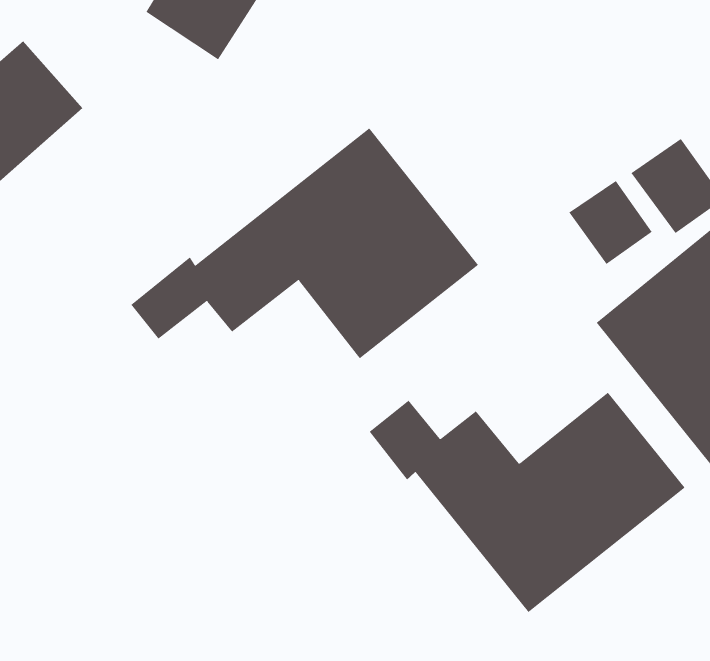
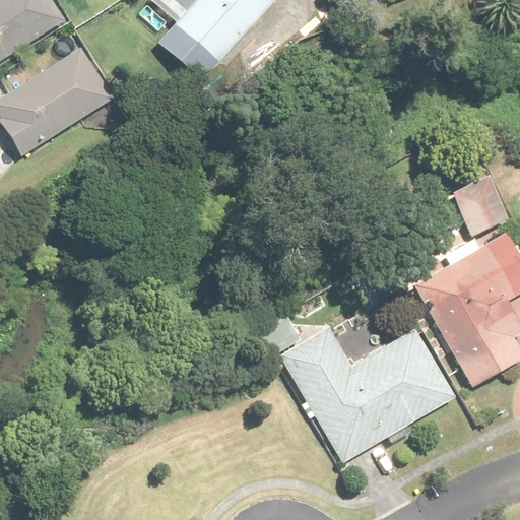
building: [131,128,479,359] -> none
building: [568,180,653,265] -> none

